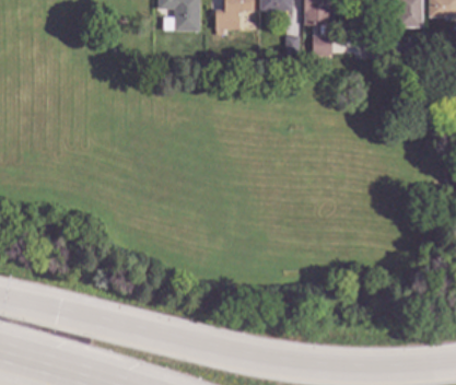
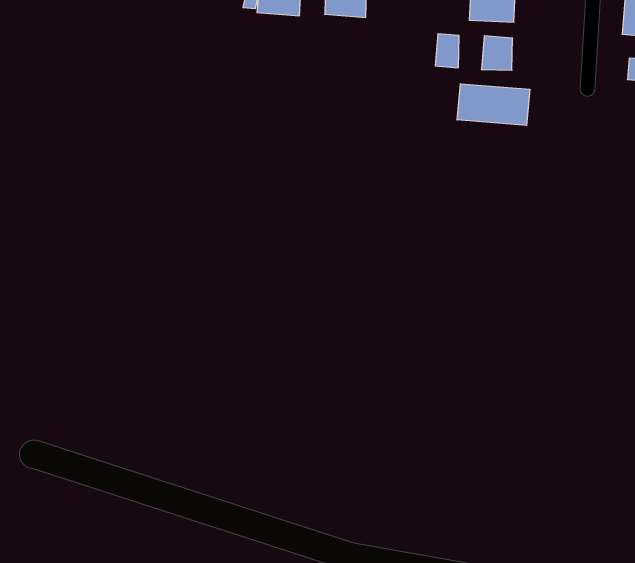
building: none -> [457,84,530,125]

